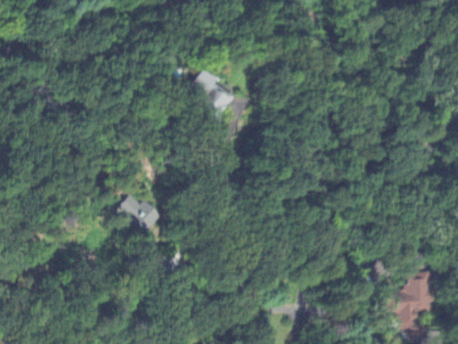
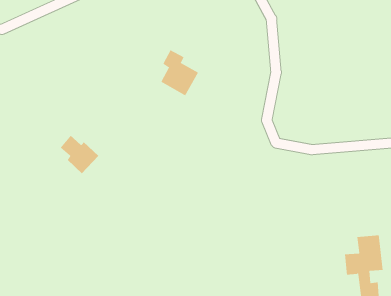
building: [118,192,160,234] -> [60,135,99,174]

